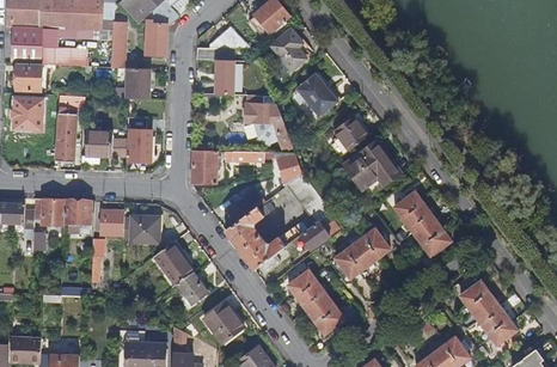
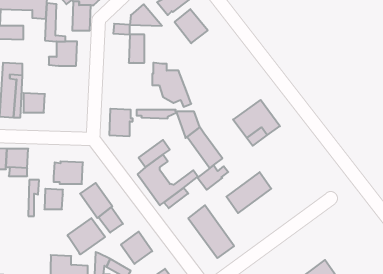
building: [296,72,338,115] -> none
building: [332,116,366,151] -> none
building: [127,129,151,161] -> none
building: [392,191,449,255] -> none
building: [100,209,123,234] -> [44,189,63,209]
building: [459,281,515,344] -> none
building: none -> [68,218,105,254]

